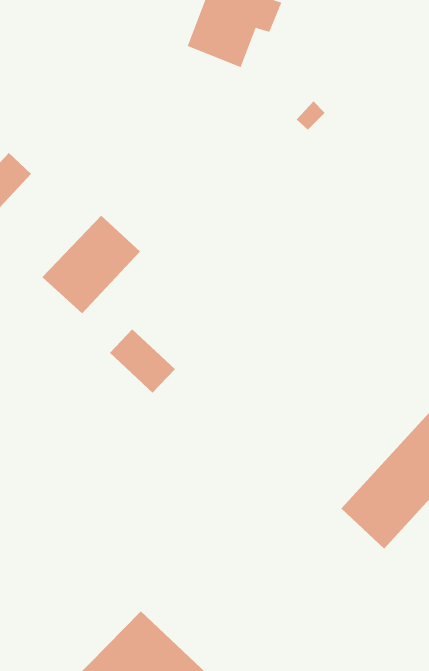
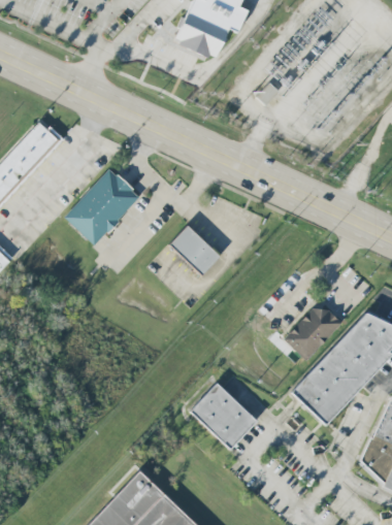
building: [109,328,176,394] -> [171,226,222,275]
building: none -> [285,308,344,361]
building: none -> [192,384,258,450]

